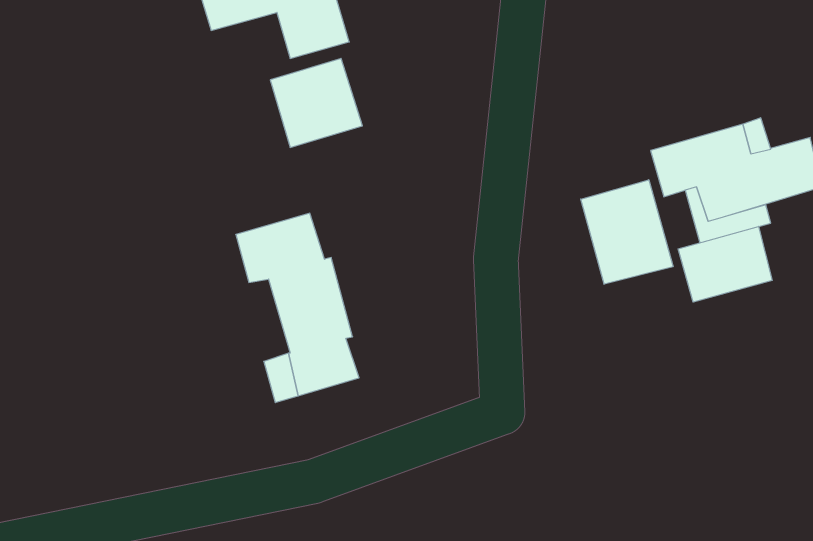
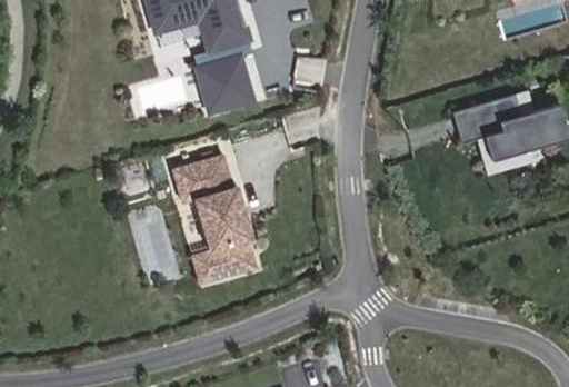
building: [581,180,673,284] -> none
building: [678,226,772,302] -> none

